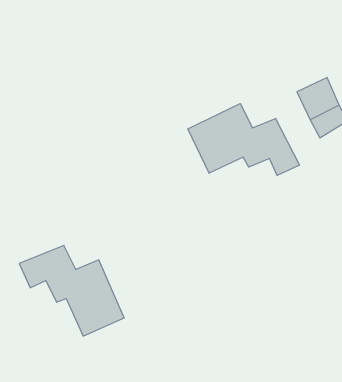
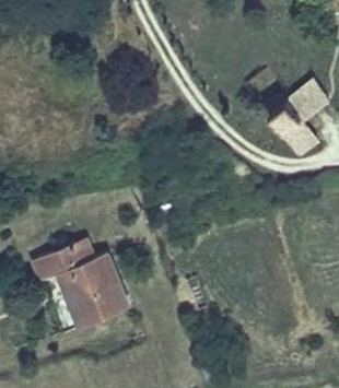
building: [188,104,299,176] -> none

